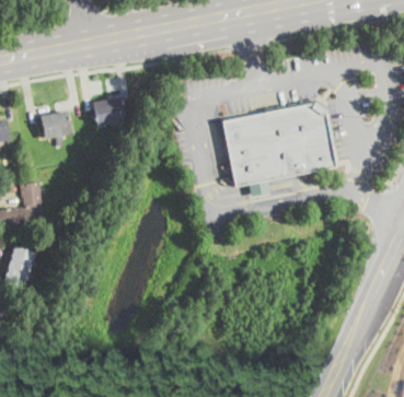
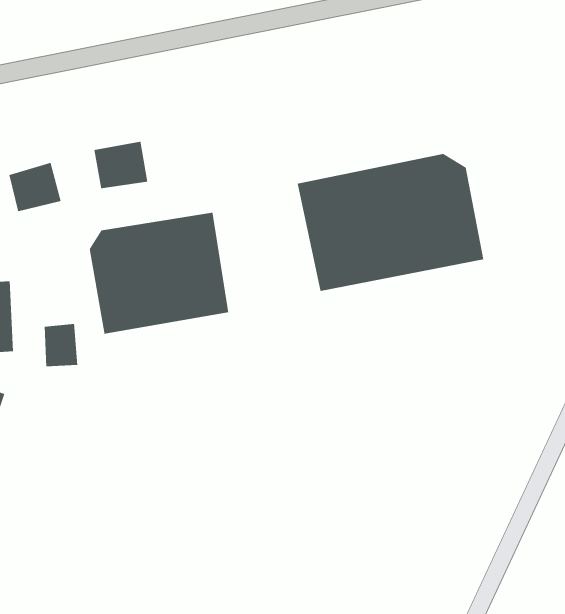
building: none -> [89,212,229,334]
building: none -> [44,323,78,367]

